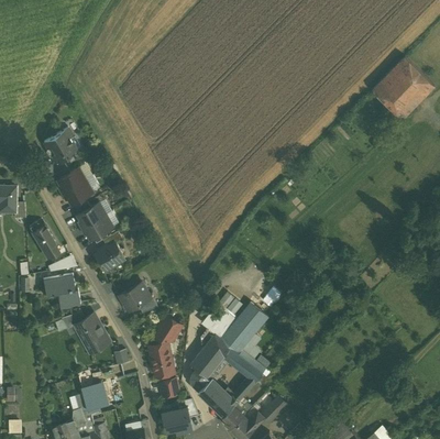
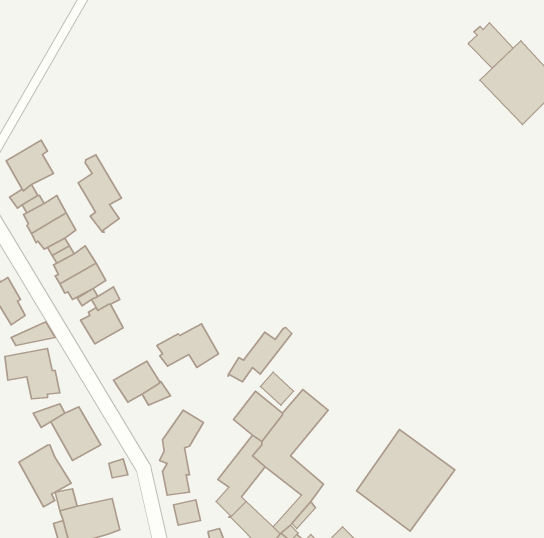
building: none -> [469,23,513,68]
building: none -> [78,155,122,232]
building: none -> [157,324,219,367]
building: none -> [228,328,292,382]
building: none -> [357,430,455,531]
building: none -> [19,445,71,507]

